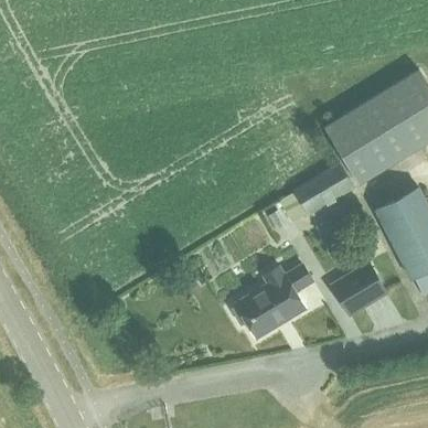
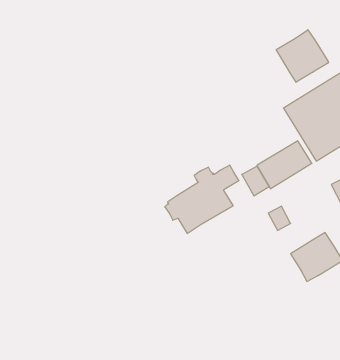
building: none -> [276,30,328,82]
building: [232,265,312,339] -> [165,165,239,233]

